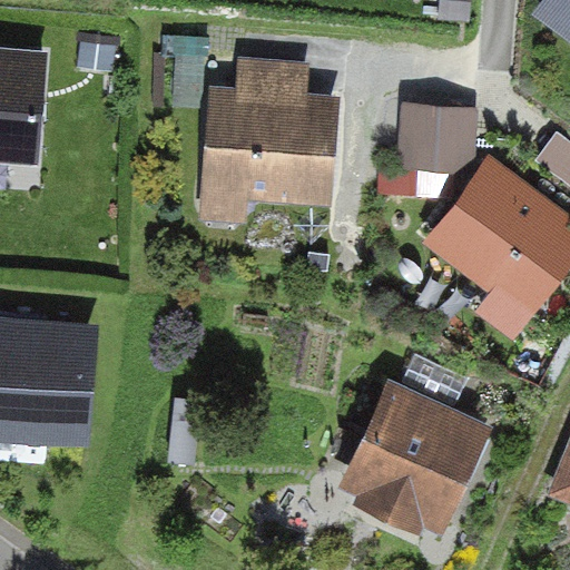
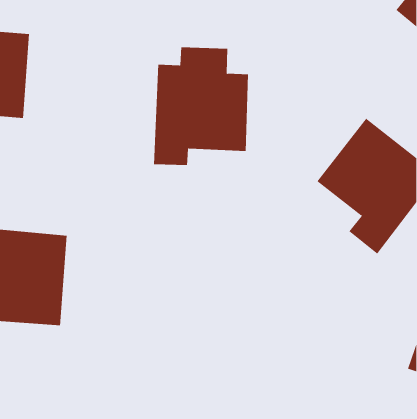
building: [399,104,481,178] -> none
building: [342,380,489,531] -> none

